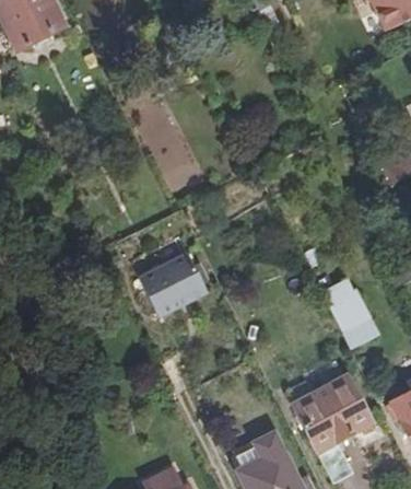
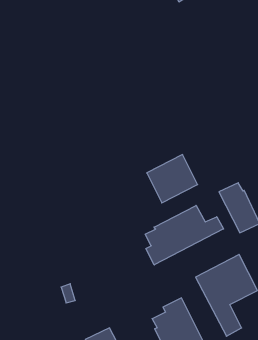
building: [139,253,206,316] -> [147,155,198,203]
building: none -> [145,205,224,265]

